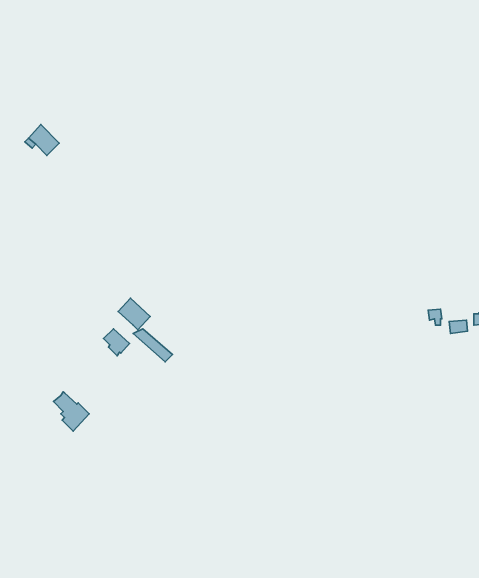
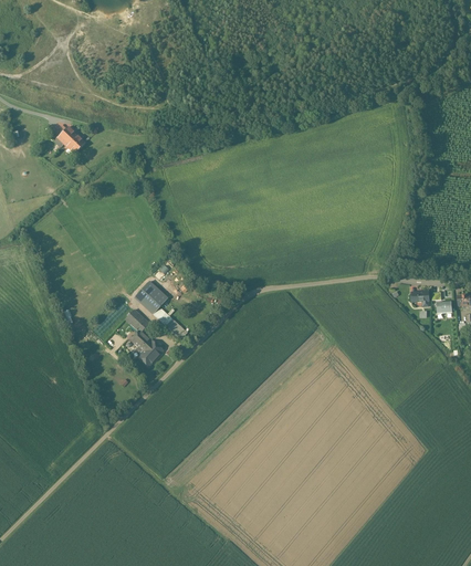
building: [53,392,89,431] -> [129,331,161,366]

